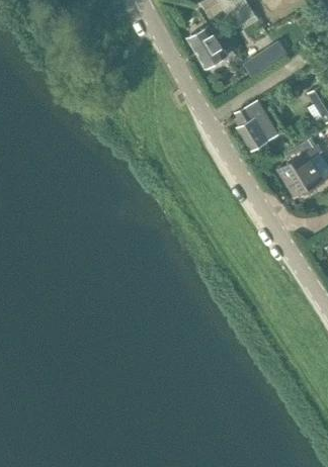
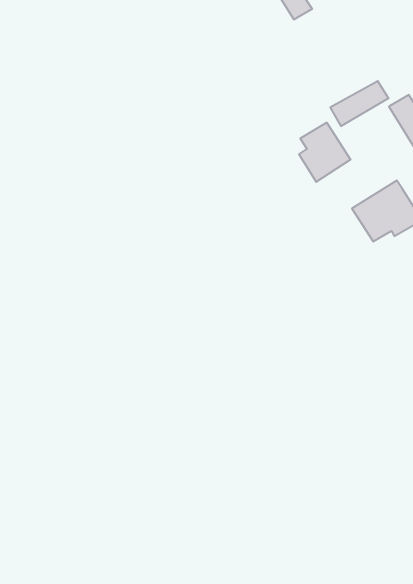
building: [187,25,226,68] -> none
building: [243,40,288,75] -> [330,81,389,126]

